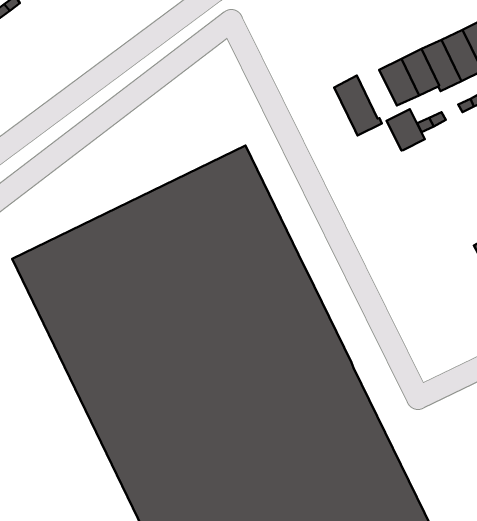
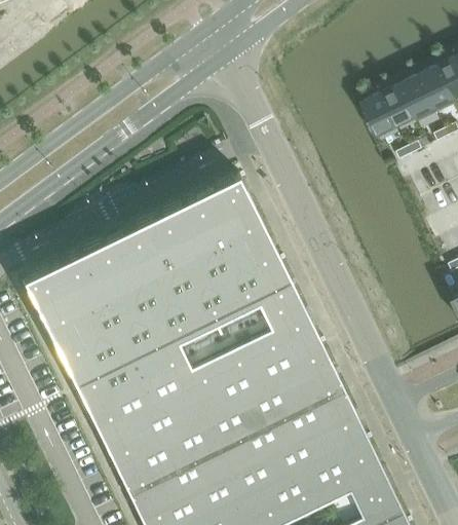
building: [334,76,382,136] -> none
building: [387,109,425,150] -> none

